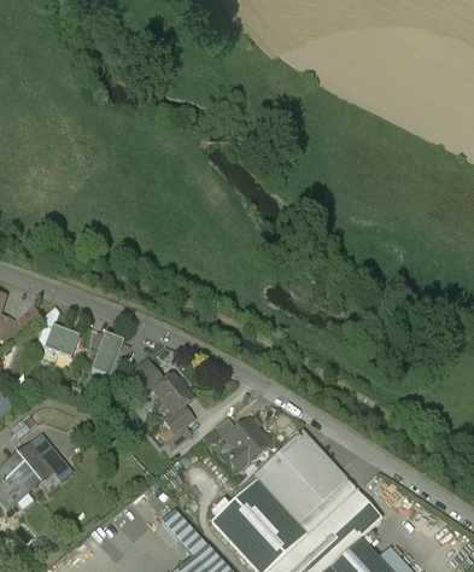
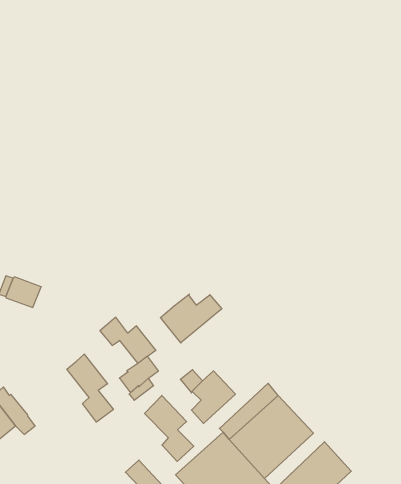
building: [90,334,122,375] -> none
building: none -> [160,294,222,343]
building: none -> [67,354,113,422]
building: none -> [145,395,194,461]

